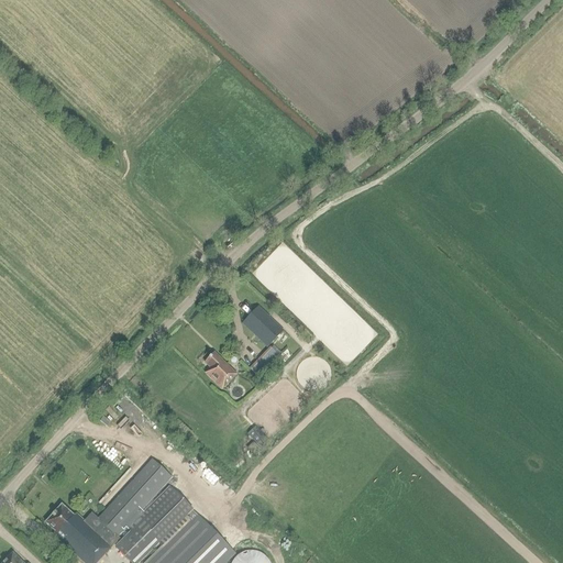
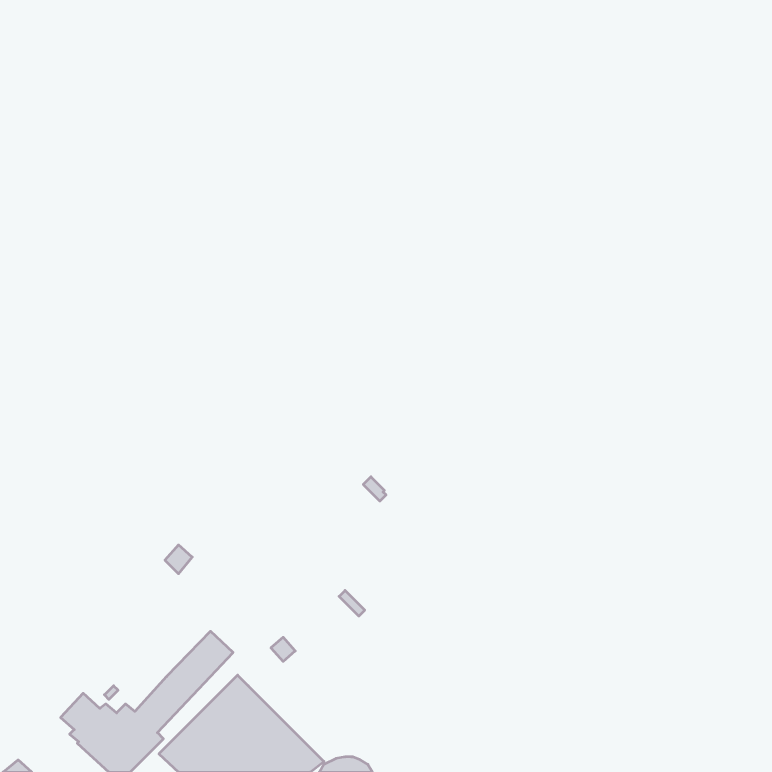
building: [243,307,278,341] -> none
building: [206,352,238,388] -> none

